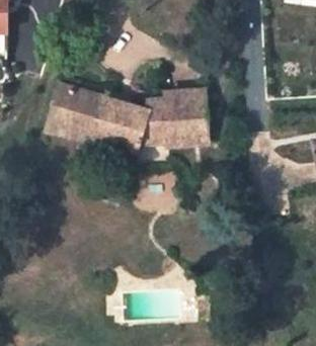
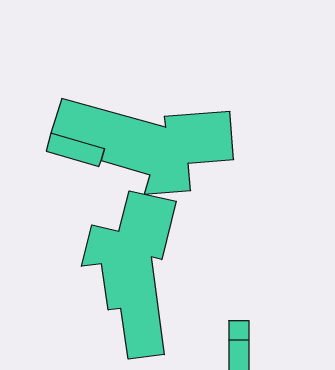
building: none -> [81,191,176,359]

